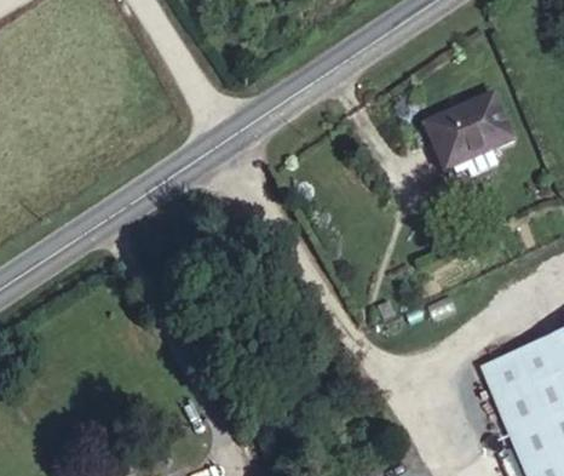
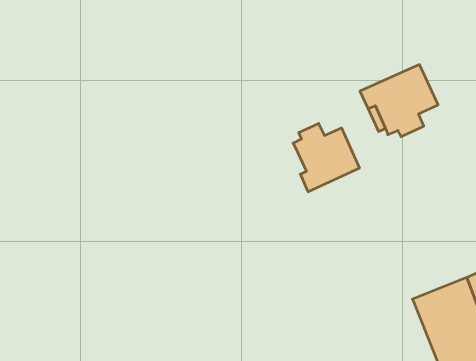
building: none -> [293,123,359,192]

